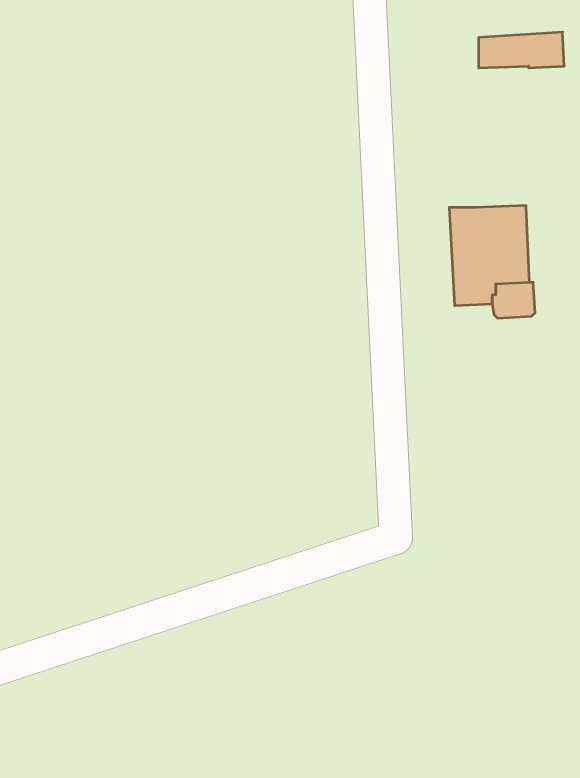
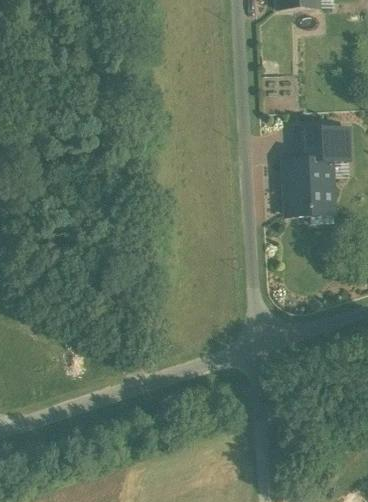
building: [479,32,564,68] -> [304,138,352,158]

